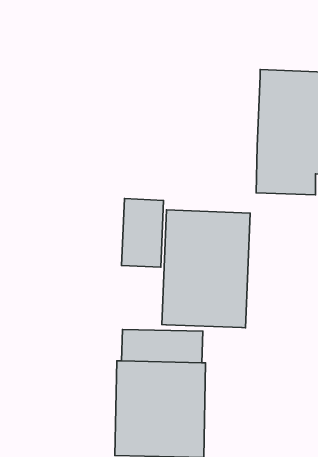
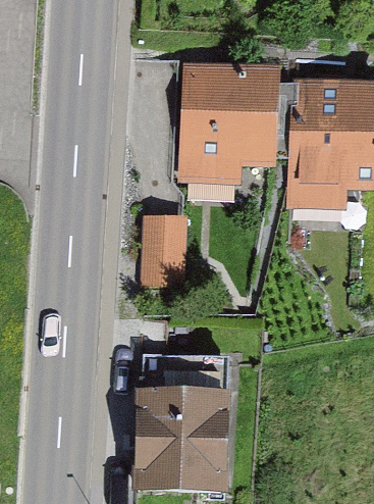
building: none -> [175,62,286,184]
building: [162,210,250,328] -> none

